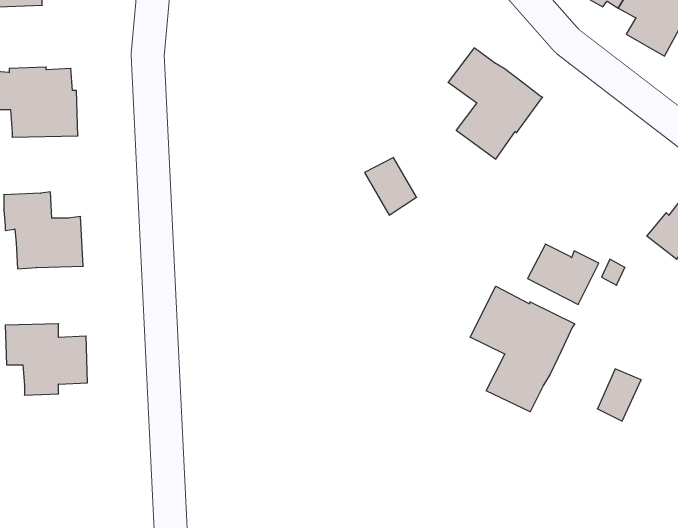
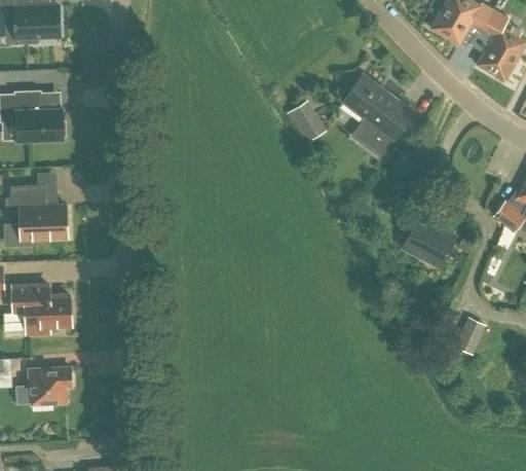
building: [365,157,417,215] -> [286,100,325,143]
building: [470,286,575,412] -> none
building: none -> [15,368,72,404]

